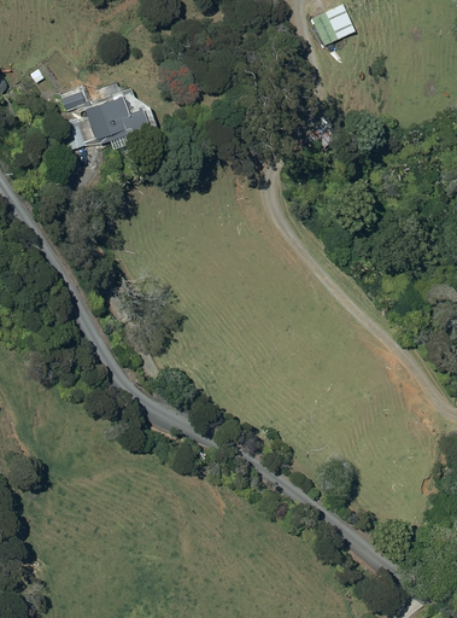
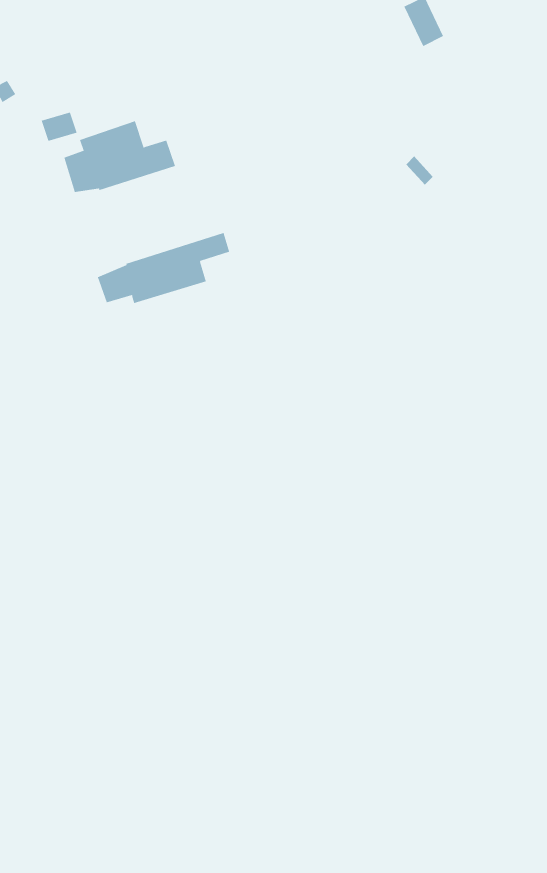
building: none -> [97,232,230,304]

